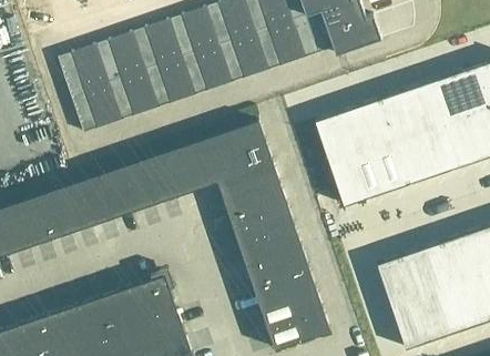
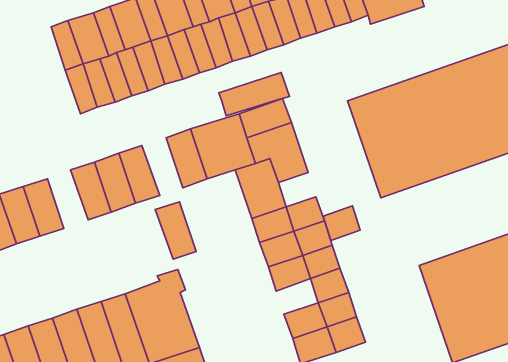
building: none -> [219,73,290,116]
building: [136,154,172,204] -> [155,202,196,259]
building: [54,182,90,233] -> none
building: [255,184,287,214] -> [323,206,360,240]
building: [253,276,289,307] -> none

